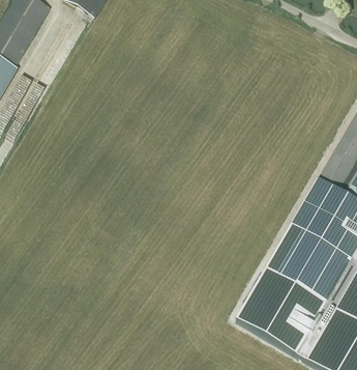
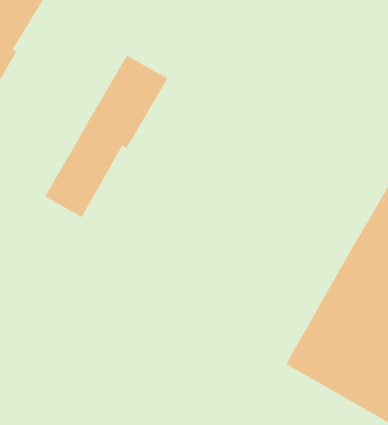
building: none -> [45,55,168,218]

